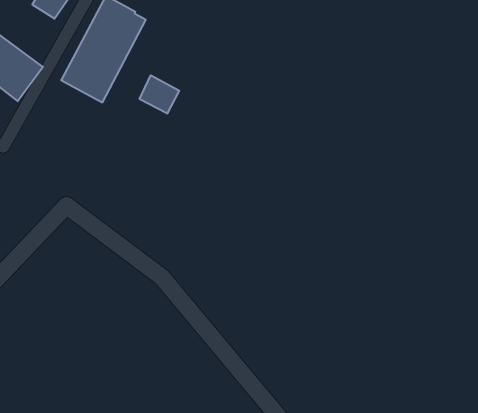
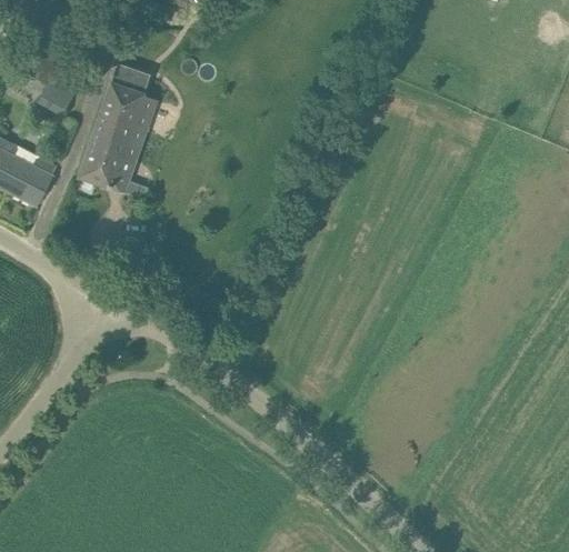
building: [140,75,179,114] -> none

